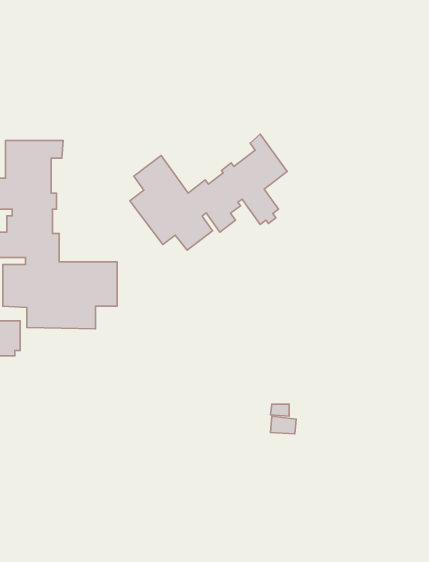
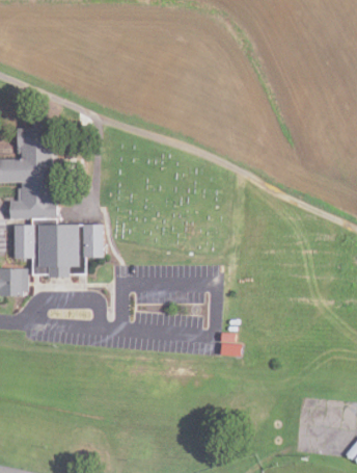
building: [130,134,287,250] -> none

